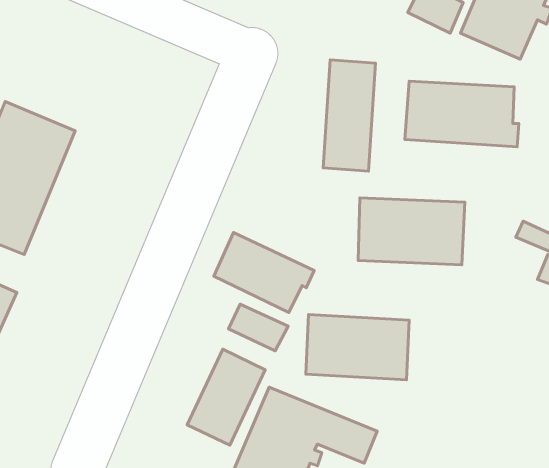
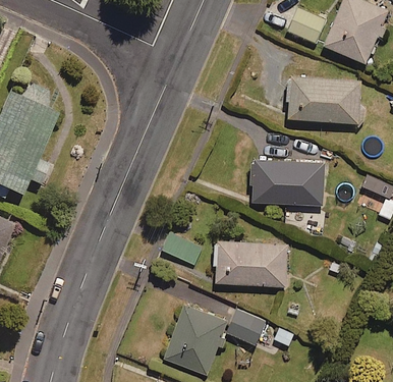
building: [323,60,376,171] -> none
building: [214,233,314,312] -> none
building: [187,349,265,445] -> none

